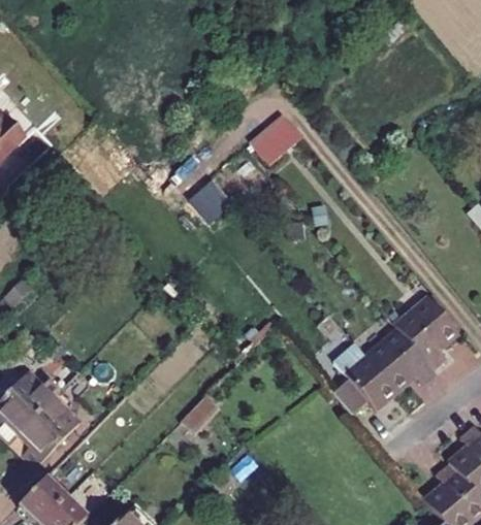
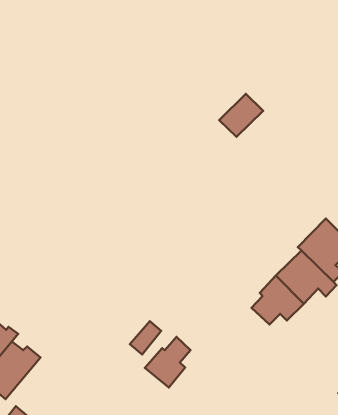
building: [251,116,303,165] -> [219,94,263,137]
building: [189,183,234,227] -> none
building: none -> [145,337,190,388]

